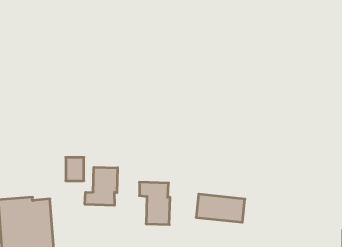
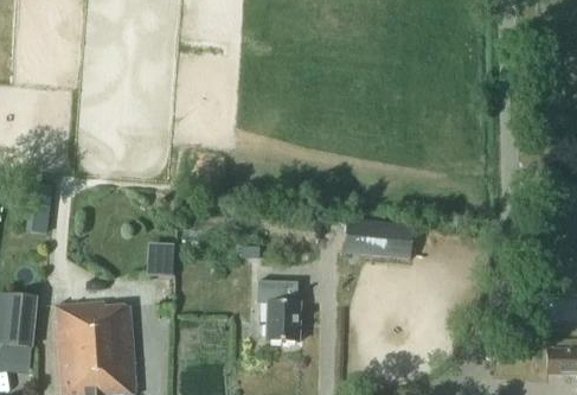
building: [85,167,118,205] -> none
building: [196,194,245,222] -> [342,219,412,260]

